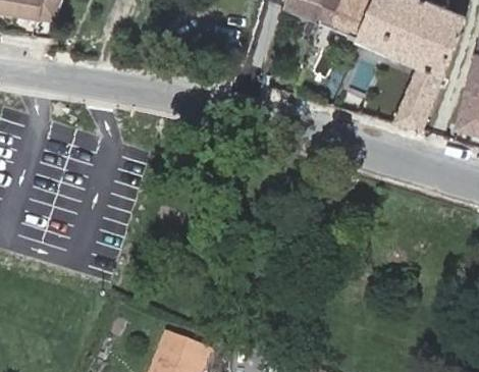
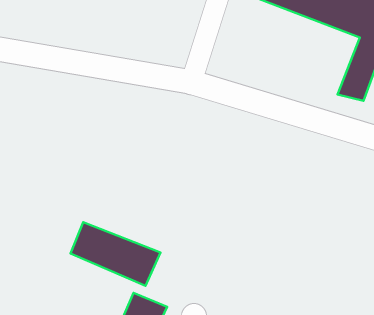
building: none -> [70,222,160,286]

